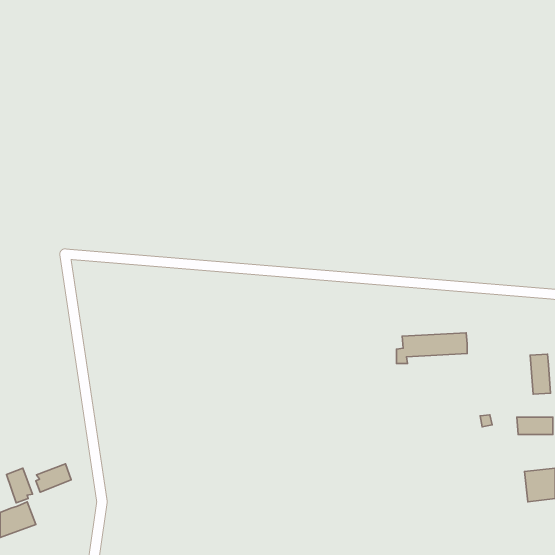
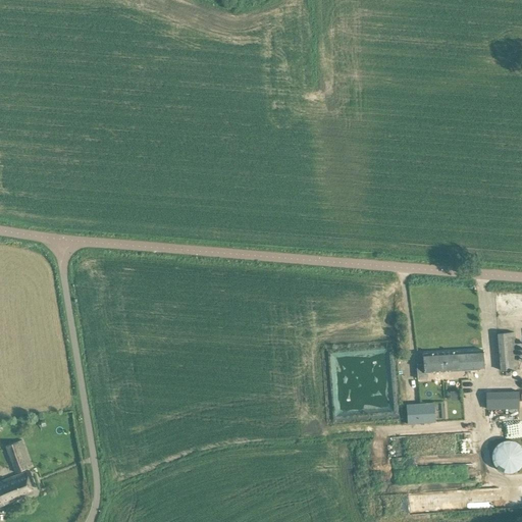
building: [397,333,467,363] -> [417,350,483,378]
building: none -> [405,403,435,424]
building: [36,464,71,492] -> none

